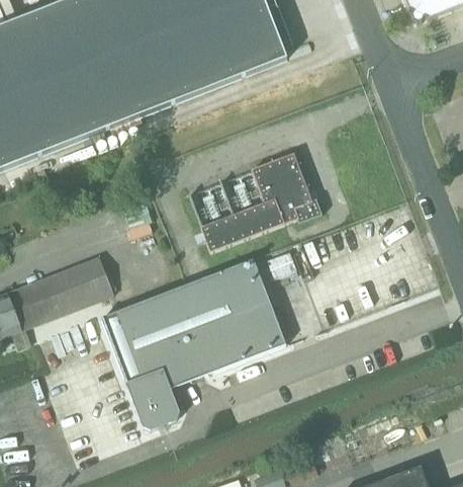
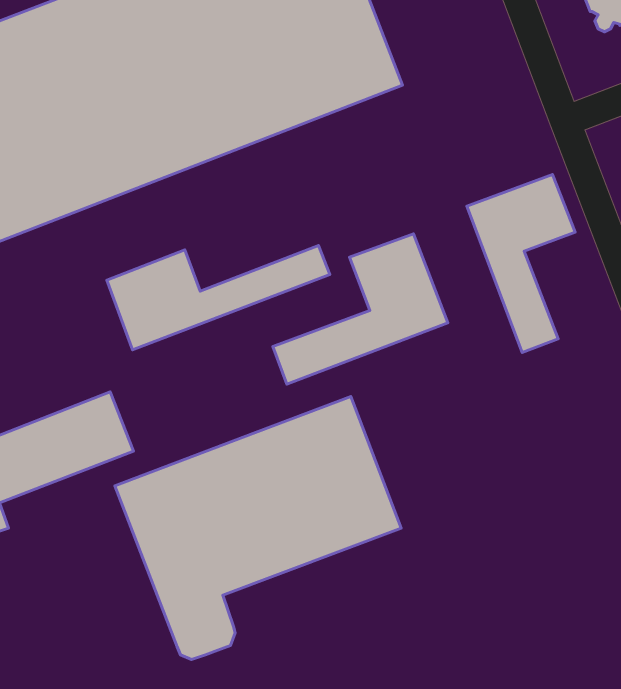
building: none -> [467,174,575,352]
building: none -> [107,246,330,350]

